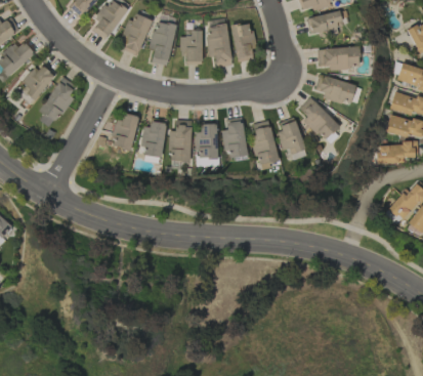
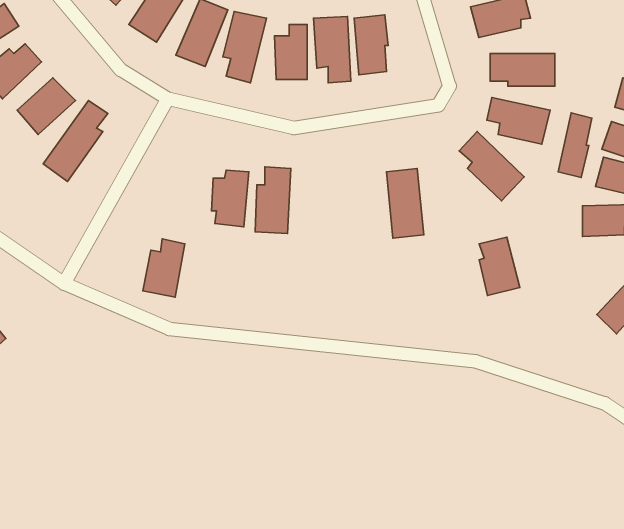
building: none -> [558,113,592,177]
building: [112,114,138,151] -> [143,239,185,297]
building: [223,118,248,160] -> none
building: [279,118,304,155] -> [479,237,520,295]
building: [196,124,218,159] -> none

